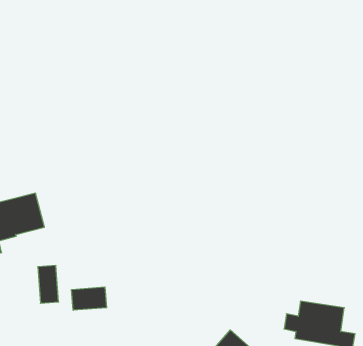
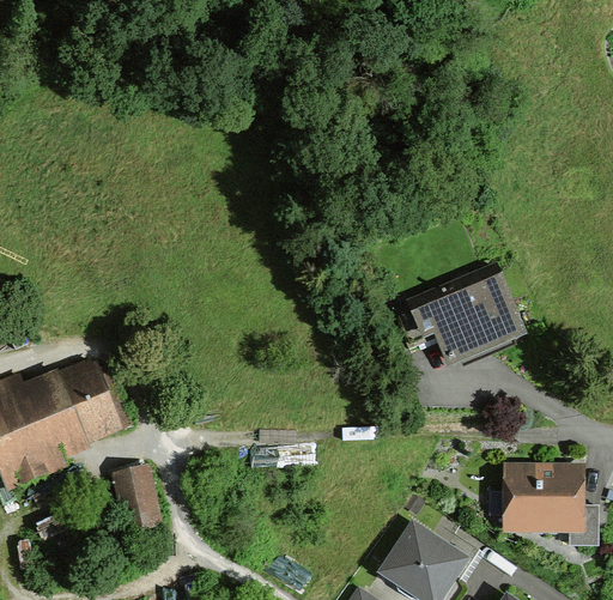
building: none -> [421,263,521,358]
building: [72,287,107,310] -> none

